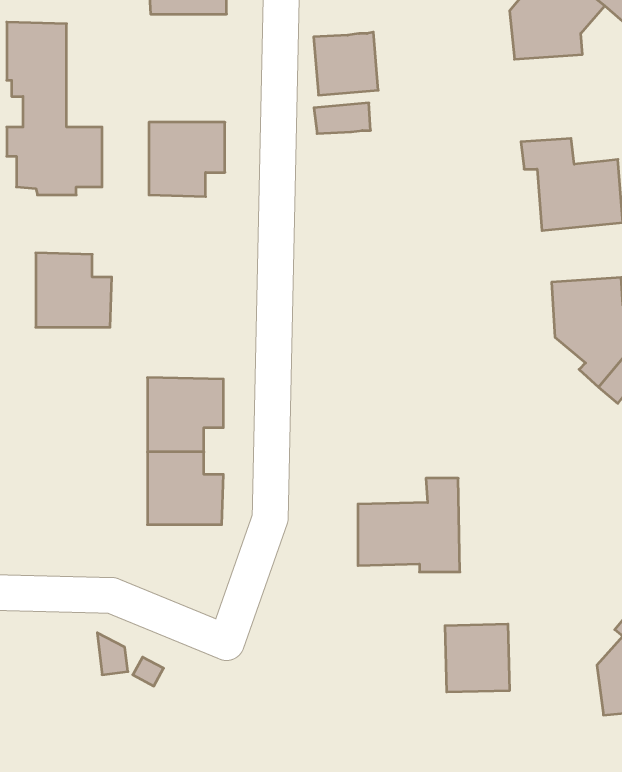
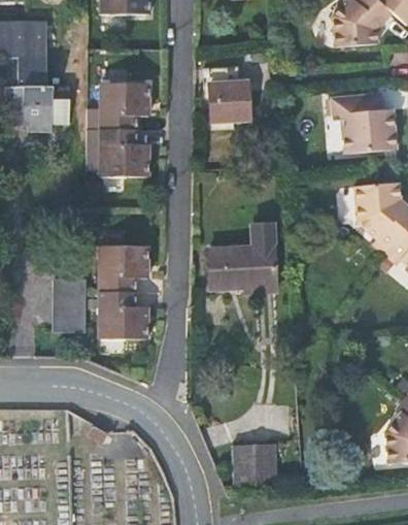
building: [314,32,378,95] -> [206,88,247,128]
building: [36,253,112,327] -> [99,130,147,177]
building: none -> [55,282,84,333]
building: [358,478,460,572] -> [210,234,275,294]
building: [445,624,510,692] -> [232,442,273,486]

